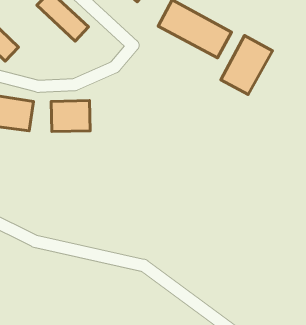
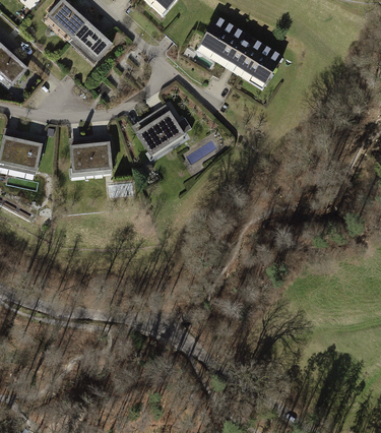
building: [221,35,272,95] -> none
building: none -> [129,102,188,159]

